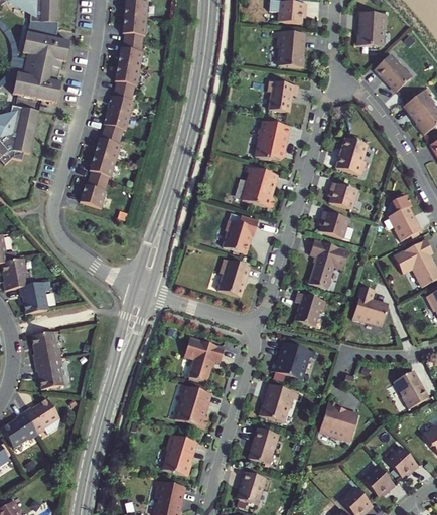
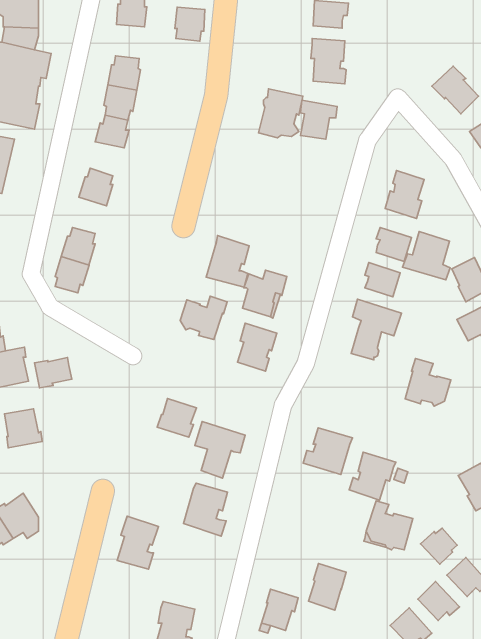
building: [355,12,387,46] -> none
building: [119,20,143,47] -> [175,7,205,41]
building: [100,114,127,141] -> none
building: [254,121,289,160] -> [259,89,303,138]
building: [86,158,113,187] -> [55,256,89,293]
building: [242,167,276,208] -> [206,236,249,287]
building: none -> [403,232,450,280]
building: none -> [180,296,227,340]
building: none -> [34,358,72,388]
building: [294,292,325,326] -> none
building: none -> [157,399,196,437]
building: [34,353,64,383] -> none
building: [258,384,295,422] -> [349,452,396,500]
building: none -> [421,528,457,564]
building: [248,427,278,465] -> [308,563,346,610]
building: [164,435,197,477] -> [117,516,159,569]

